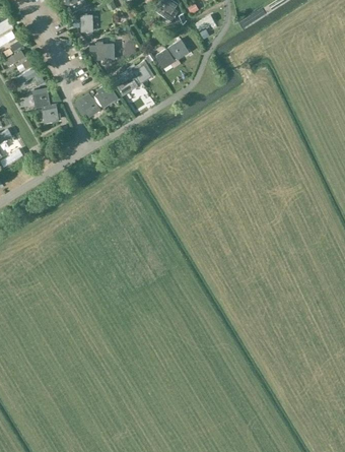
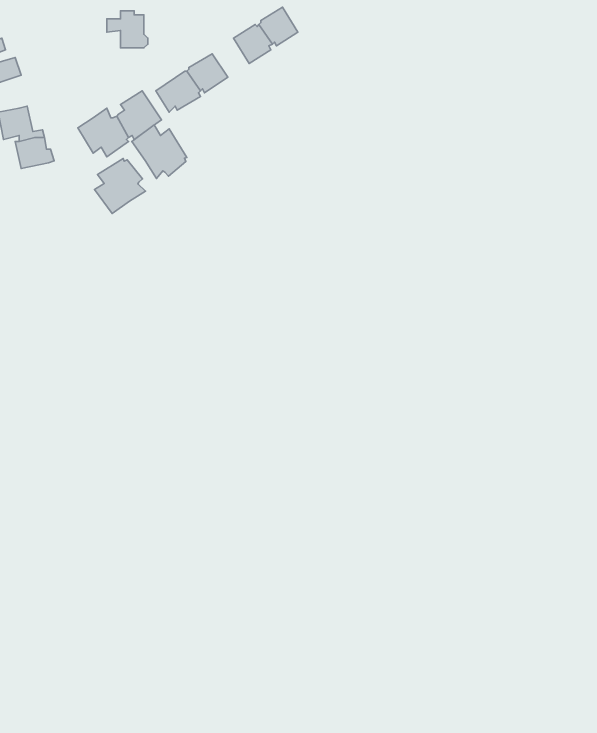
building: none -> [132,125,187,179]
building: none -> [95,159,146,213]

